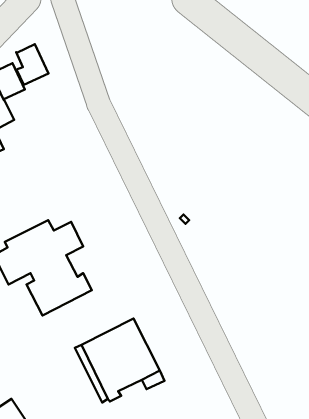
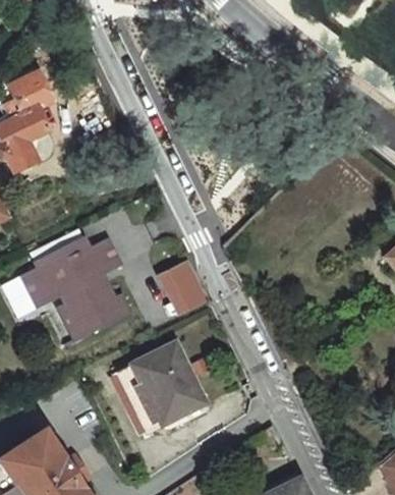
building: [16,44,49,85] -> none
building: none -> [158,259,211,316]

